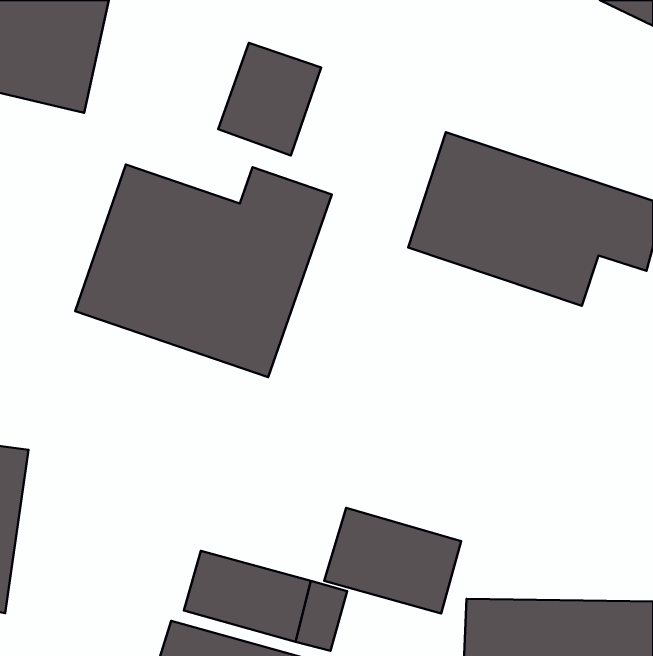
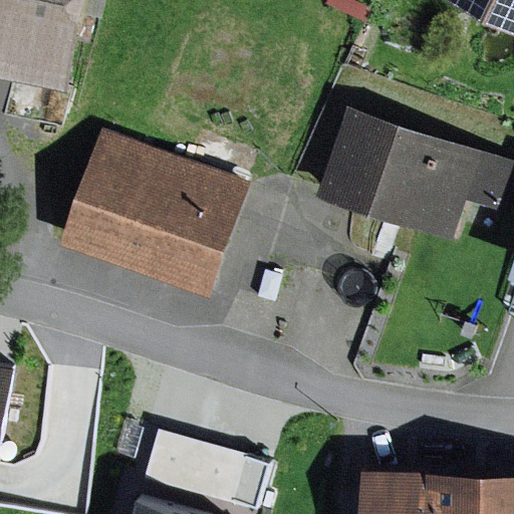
building: [218,43,321,155] -> none
building: [324,508,461,614] -> none

